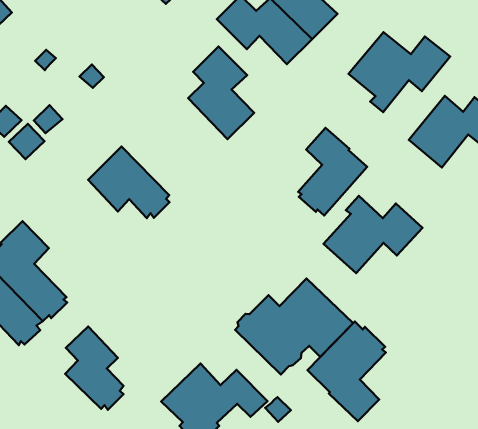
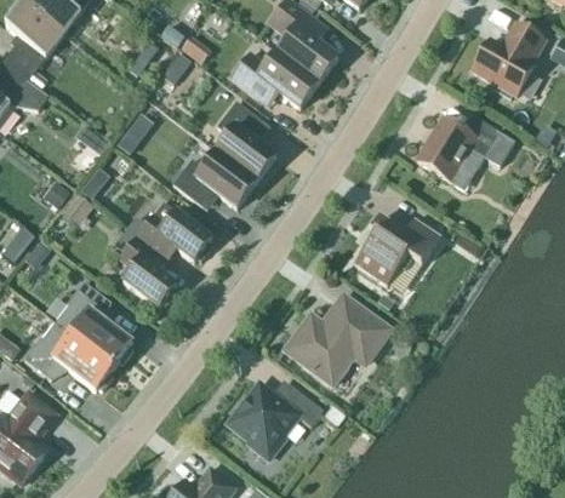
building: [349,32,450,112] -> none
building: none -> [172,150,256,207]
building: [298,128,367,215] -> none
building: [307,322,386,421] -> none
building: [65,326,124,410] -> [120,235,177,307]

